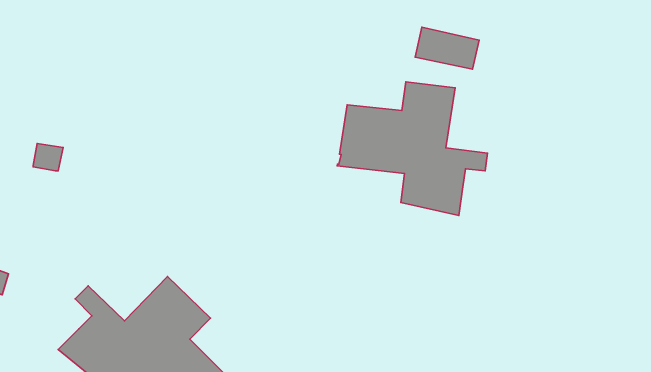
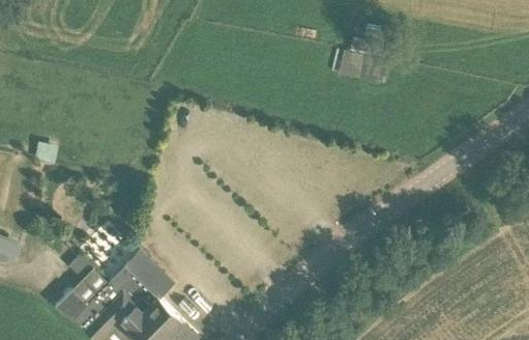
building: [337,82,488,216] -> none

